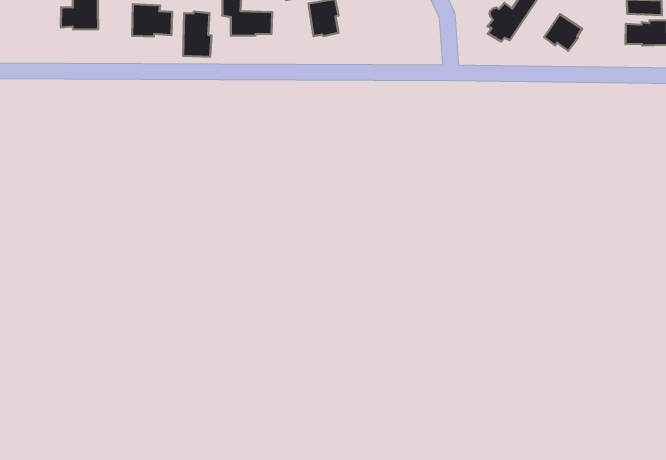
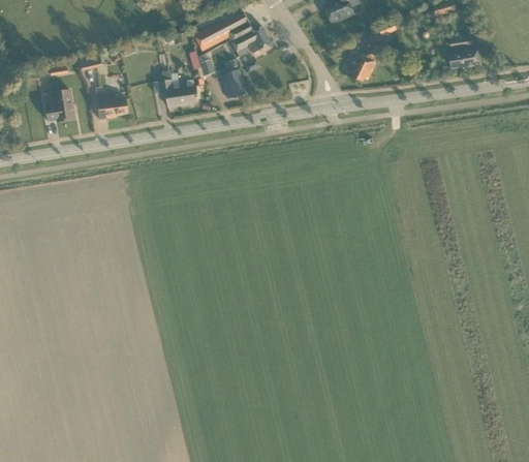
building: [183,11,211,57] -> none
building: [544,14,582,51] -> none

